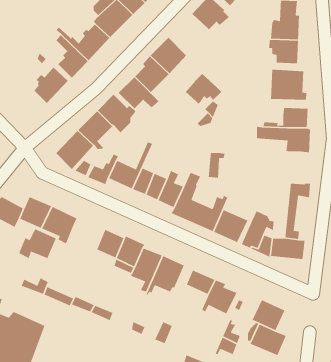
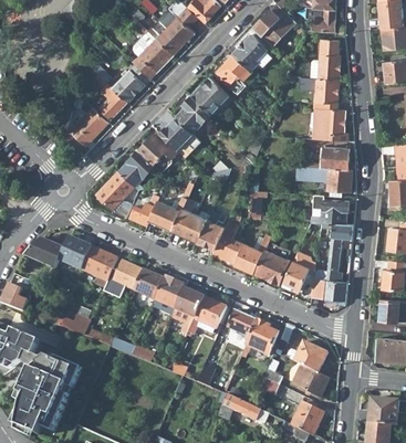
building: [185,73,222,105] -> [214,53,251,85]
building: none -> [310,199,348,224]
building: [18,228,57,259] -> [105,260,144,291]

